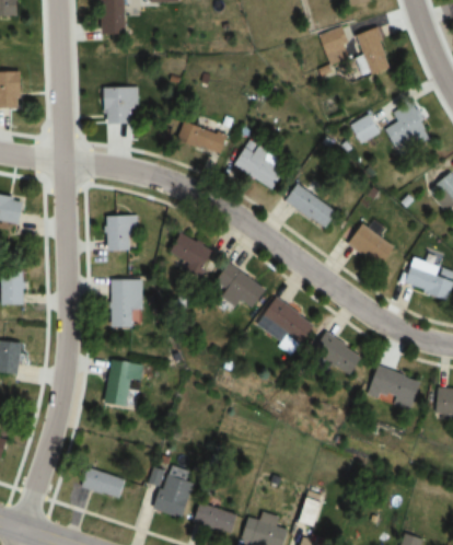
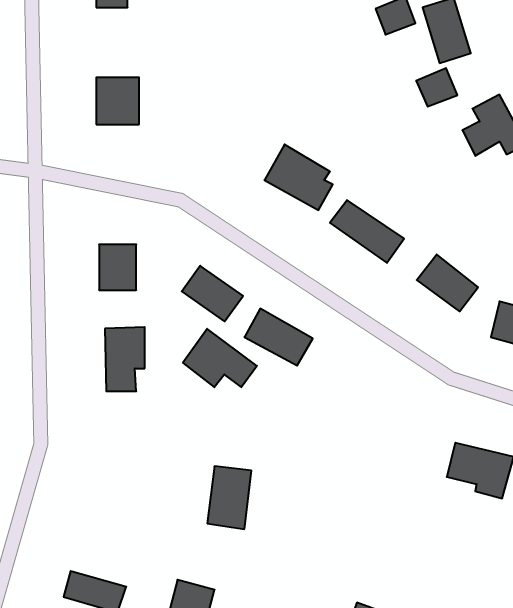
building: [348,114,380,143] -> [416,68,457,107]
building: [175,120,226,155] -> none
building: [260,298,317,343] -> [183,329,257,387]
building: [316,333,367,379] -> none
building: [103,359,137,407] -> [207,466,251,529]

